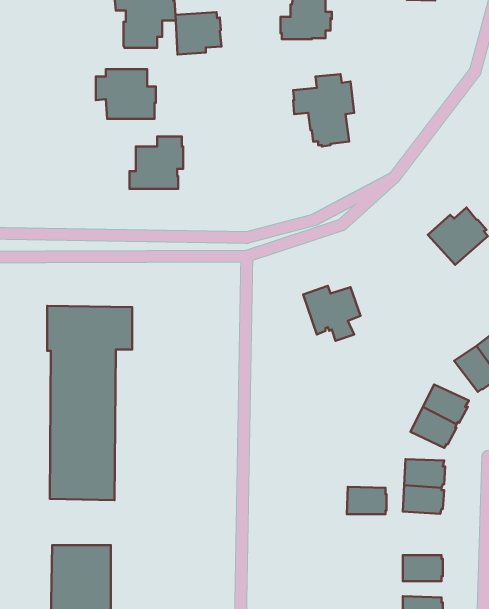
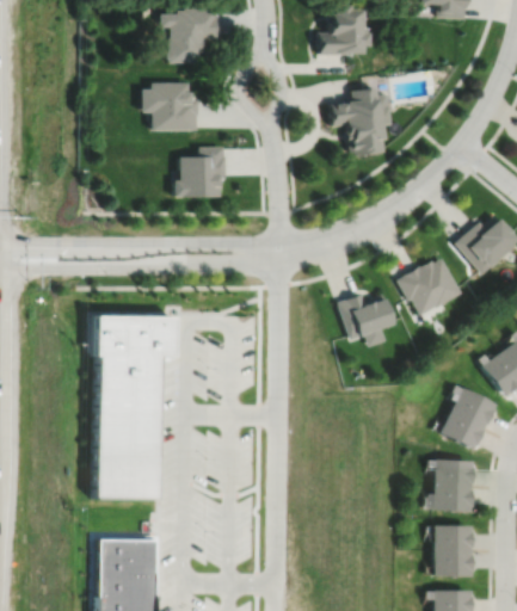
building: [175,12,222,54] -> none
building: none -> [398,257,463,314]
building: [347,487,387,514] -> [433,524,472,550]

